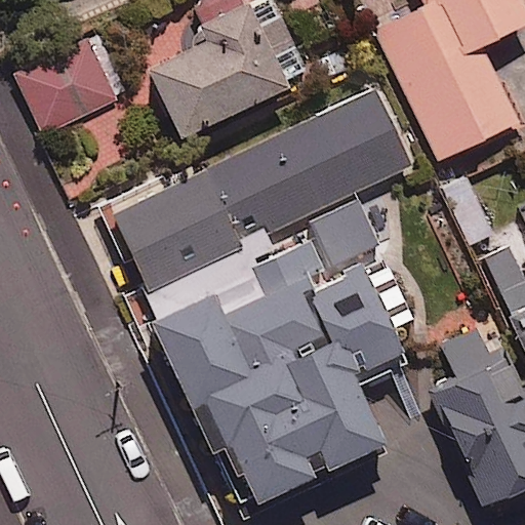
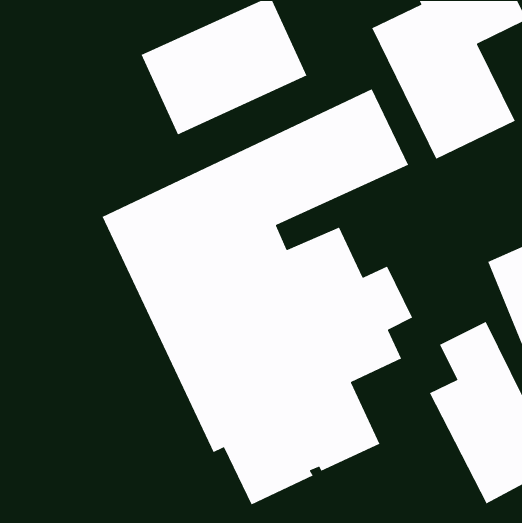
building: [15,41,120,134] -> none

